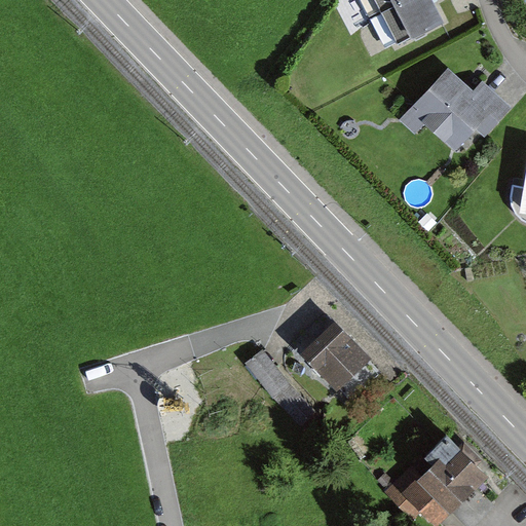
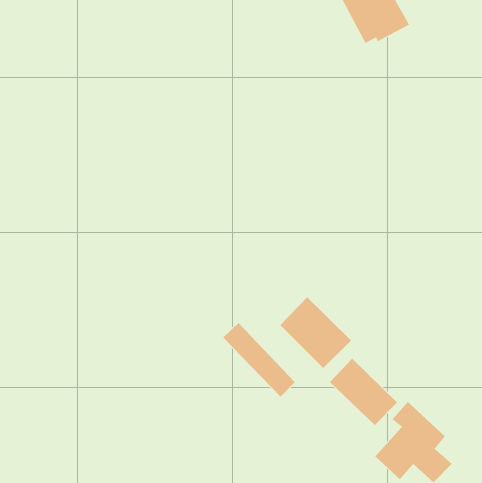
building: [394,65,509,149] -> none
building: none -> [329,358,398,426]

